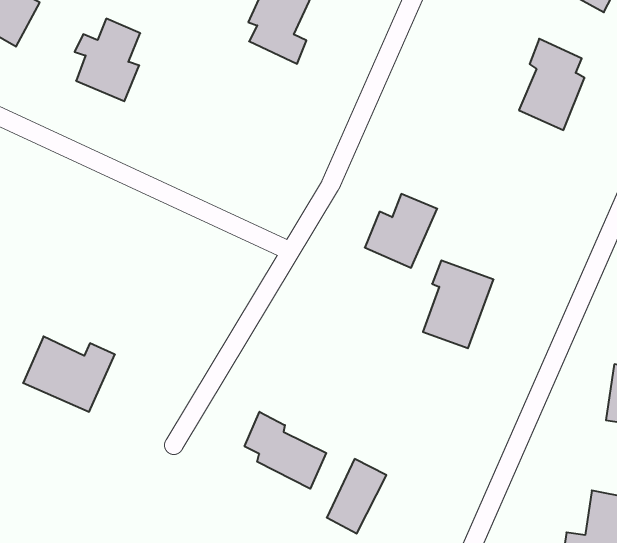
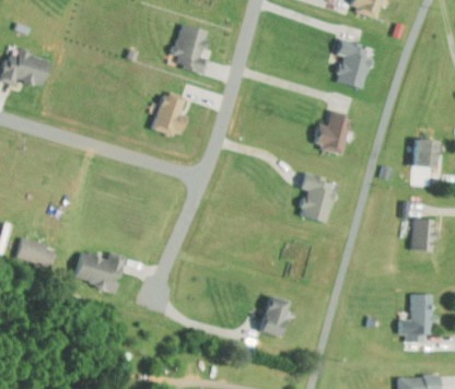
building: [75,19,140,101] -> [148,91,186,137]
building: [365,194,437,268] -> [313,111,351,153]
building: [245,412,326,489] -> none

